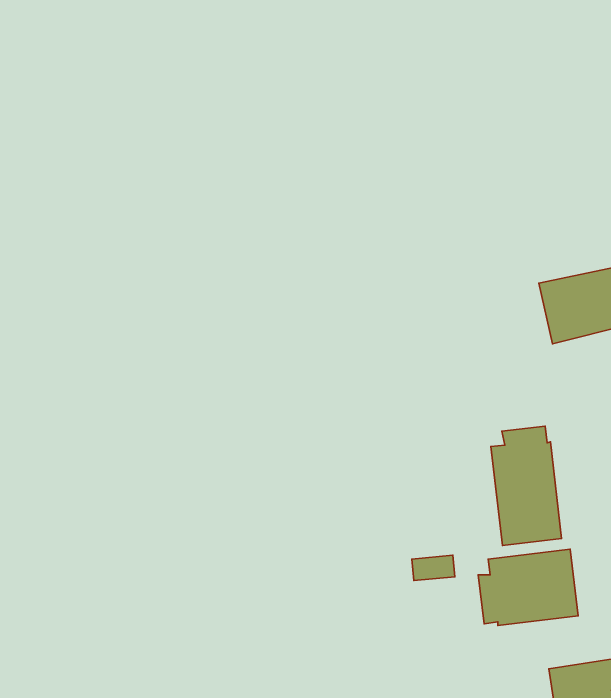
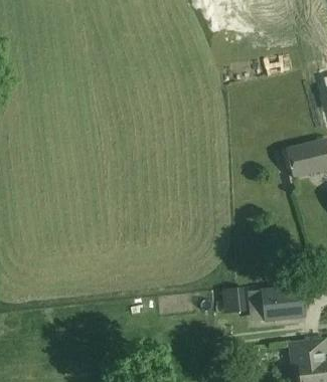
building: [491,426,562,546] -> none

